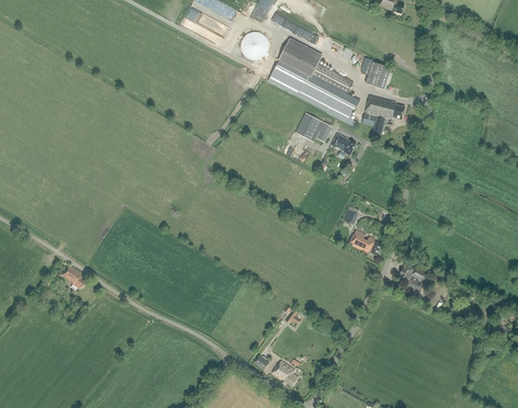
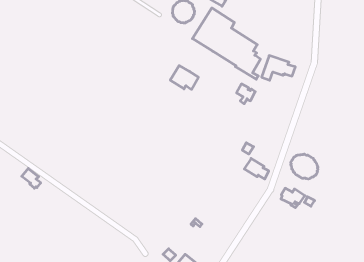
building: [364,60,390,88] -> none
building: [295,113,331,143] -> [170,66,198,89]
building: none -> [291,154,318,179]

